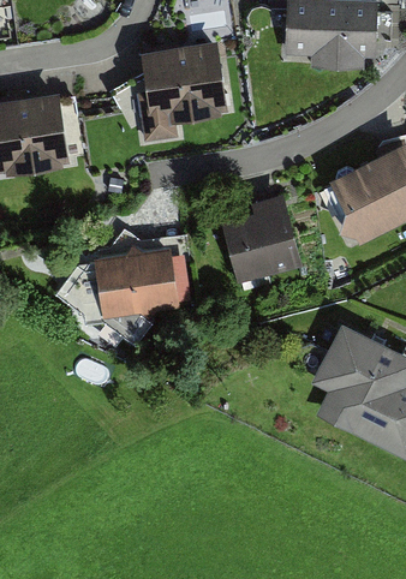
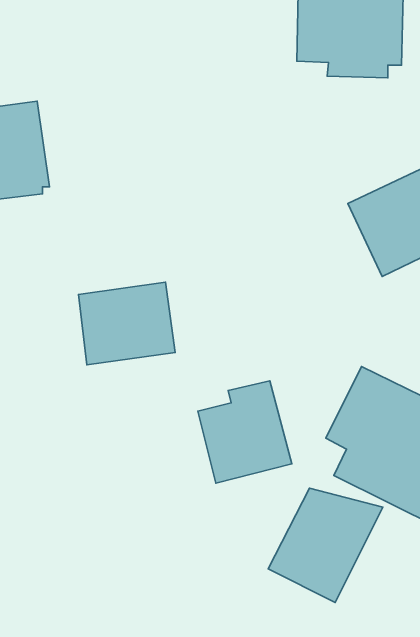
building: [137,42,227,144] -> none
building: [221,195,303,283] -> [198,381,292,483]
building: none -> [268,488,383,603]

